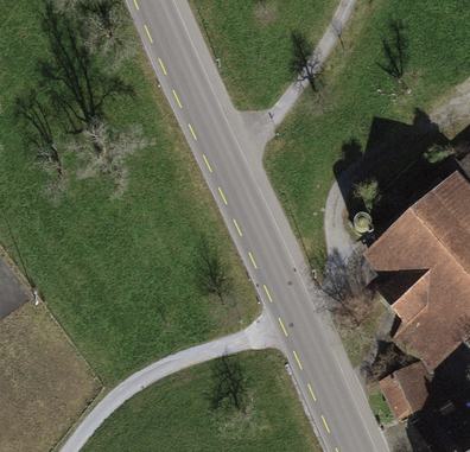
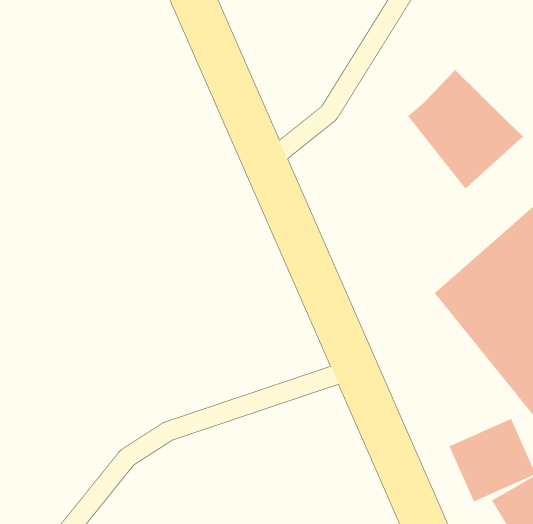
building: none -> [407,69,524,190]

